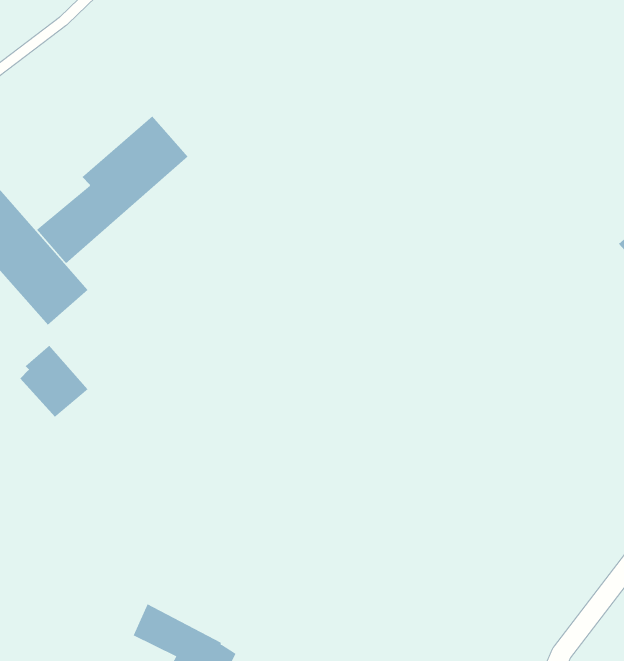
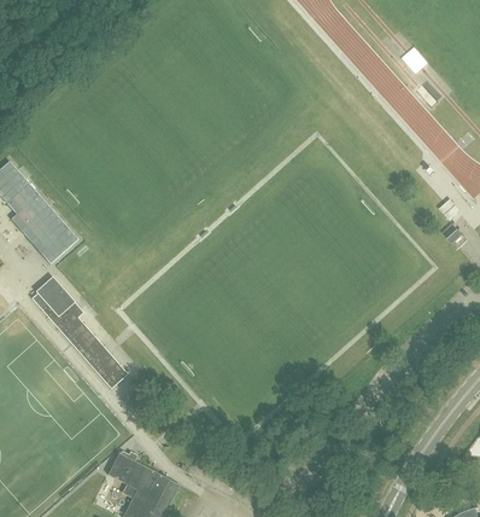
building: [36,116,189,264] -> none
building: none -> [55,307,128,389]

